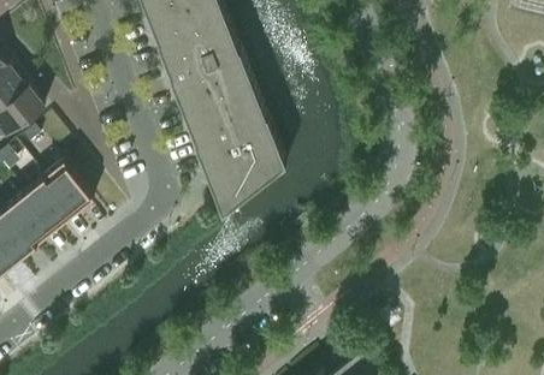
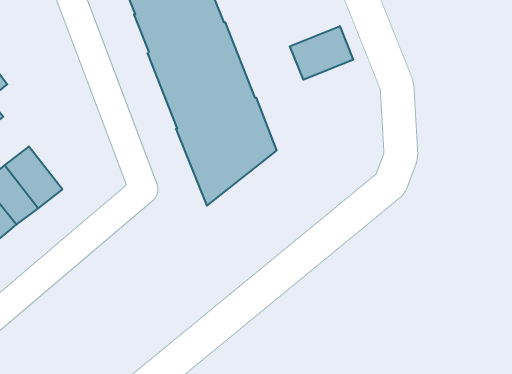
building: none -> [290,26,353,80]

